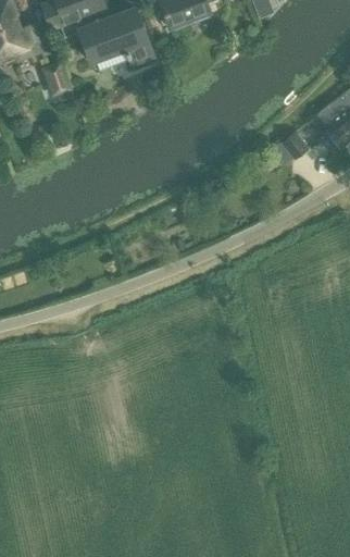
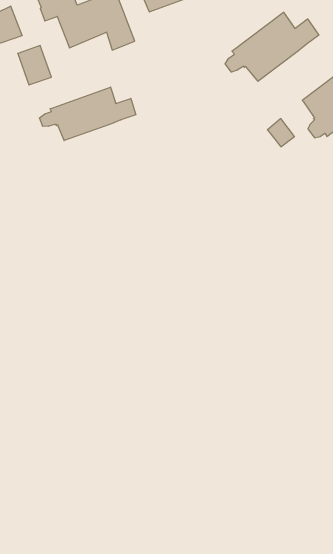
building: none -> [225,12,319,81]
building: none -> [40,87,136,141]

